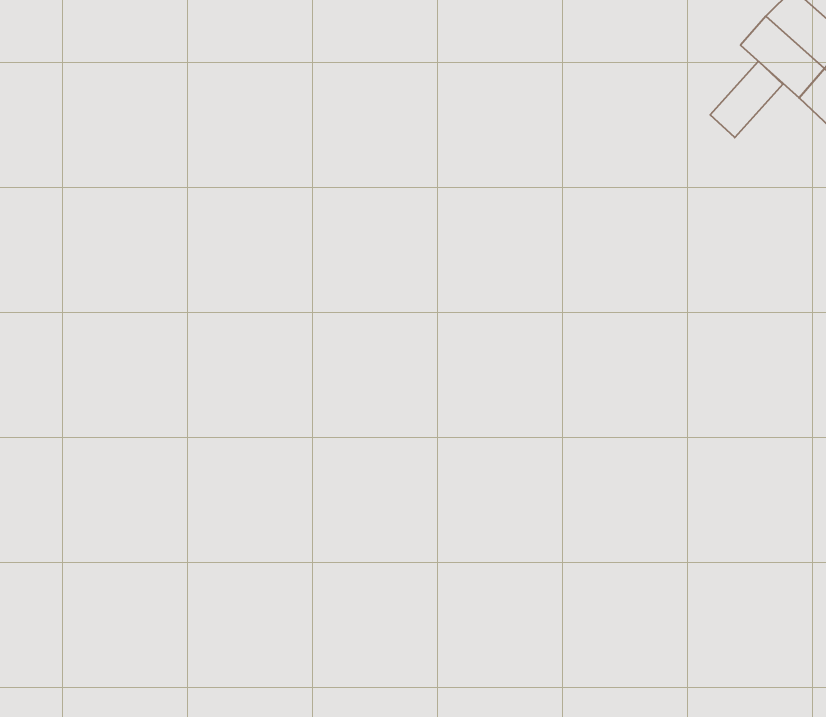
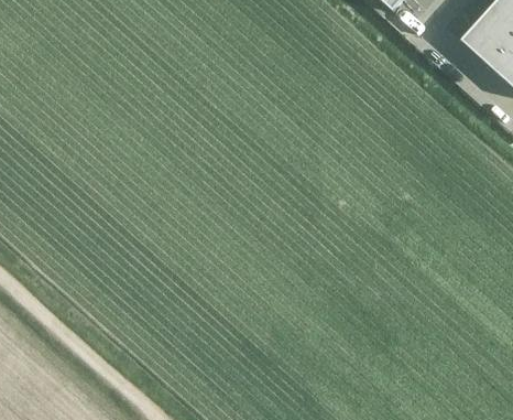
building: [710,61,783,138] -> none

